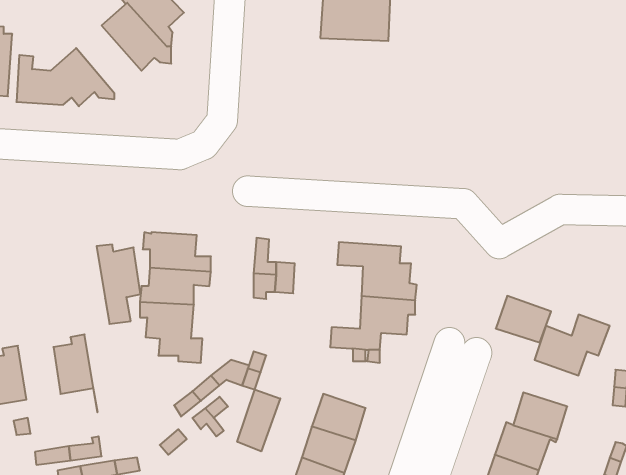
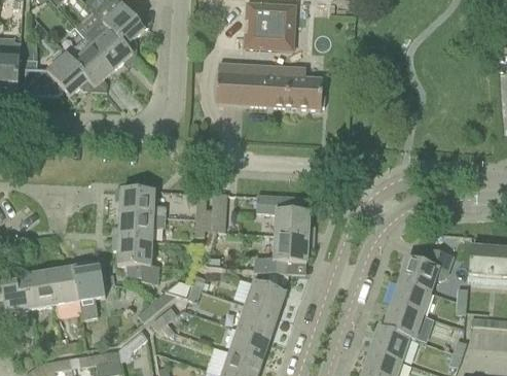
building: none -> [67,37,114,91]
building: none -> [216,63,323,109]
building: [97,245,141,324] -> [73,261,105,318]
building: [496,296,551,343] -> [391,280,431,314]
building: none -> [25,268,56,309]
building: none -> [246,280,286,315]
building: [237,390,280,451] -> none

